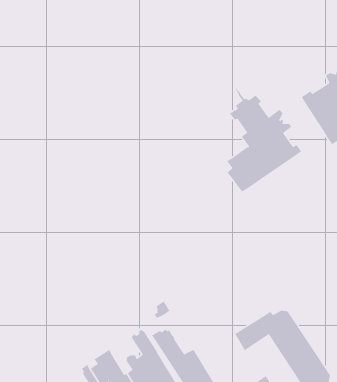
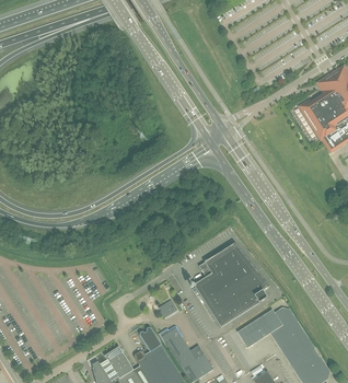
building: [226,87,302,192] -> none
building: none -> [194,242,270,326]

